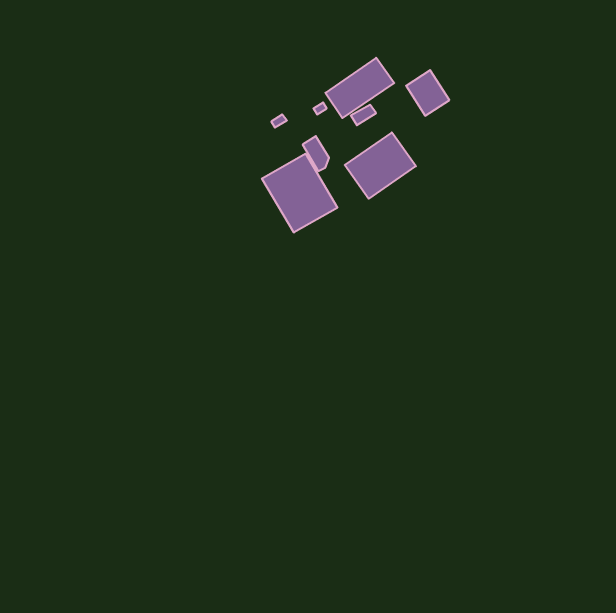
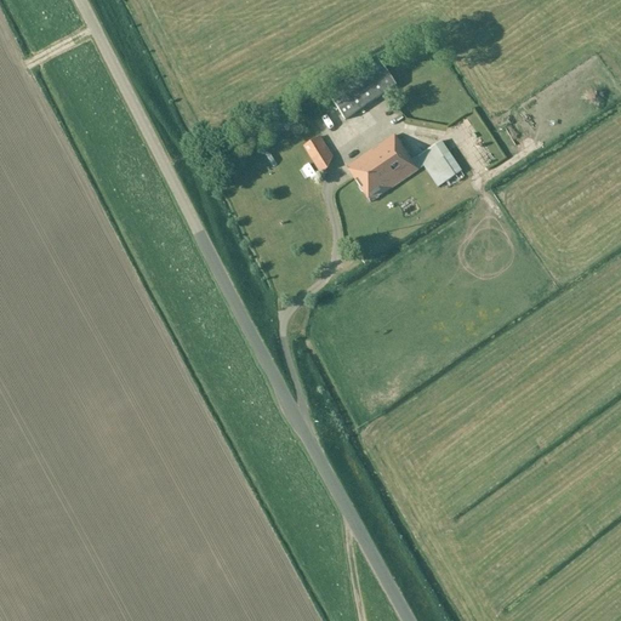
building: [406,70,449,116] -> [417,139,461,186]
building: [262,154,337,233] -> none

